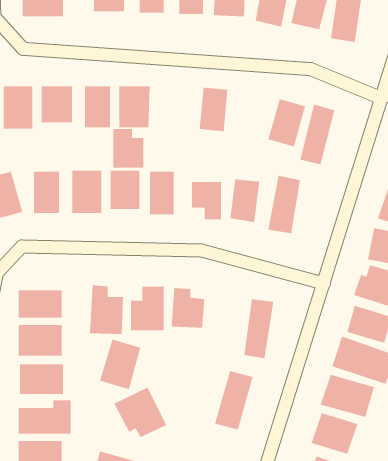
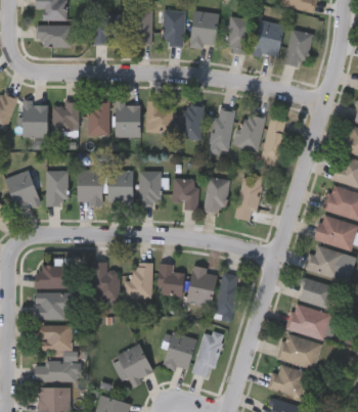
building: none -> [209,107,235,155]
building: [112,128,144,168] -> [146,100,172,132]
building: none -> [188,266,217,306]
building: [99,339,141,390] -> [163,331,196,372]

